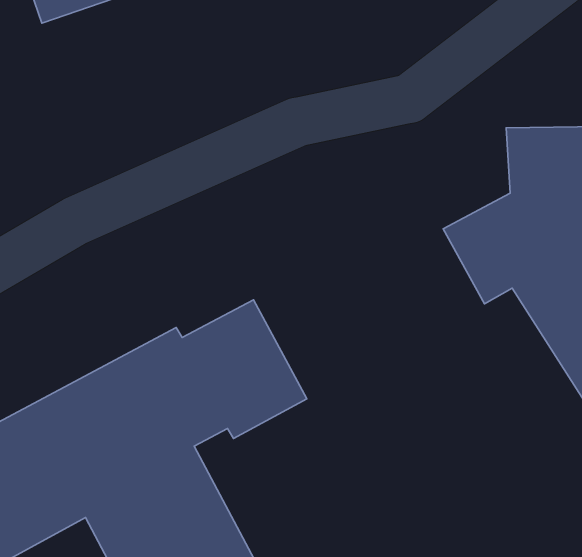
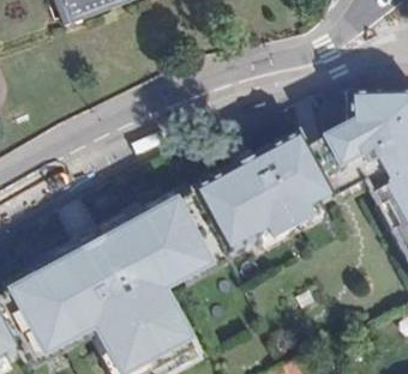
building: none -> [194,132,336,251]

